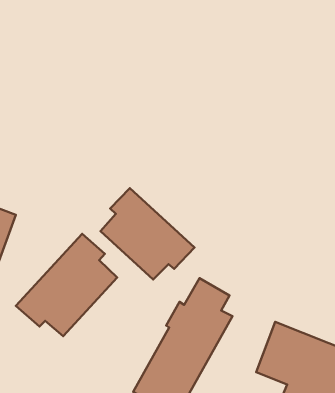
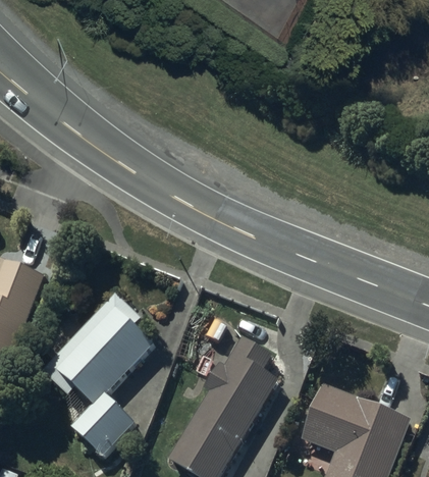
building: [100,188,194,280] -> none
building: none -> [73,390,135,452]

